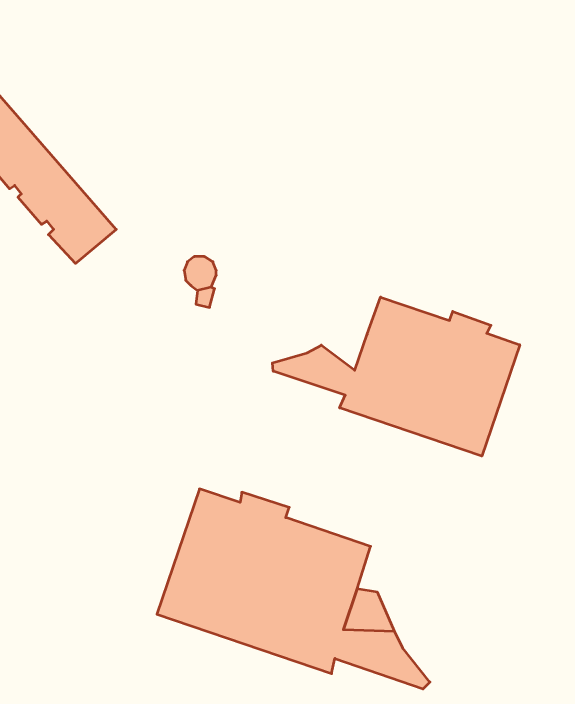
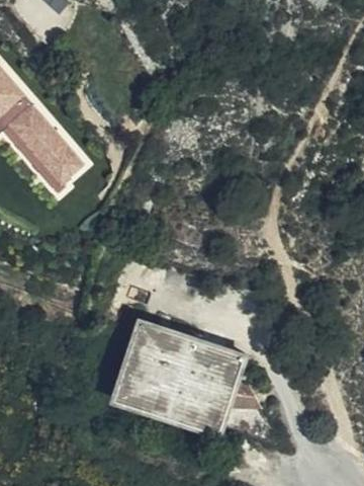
building: [272,297,520,456] -> none

